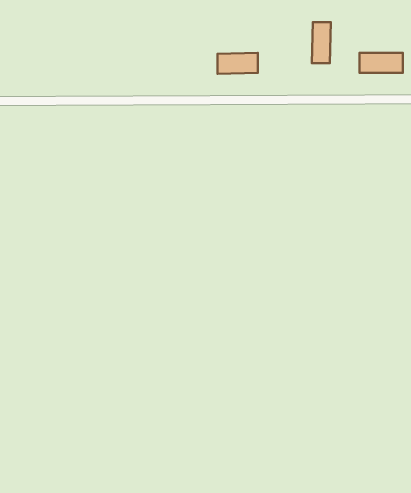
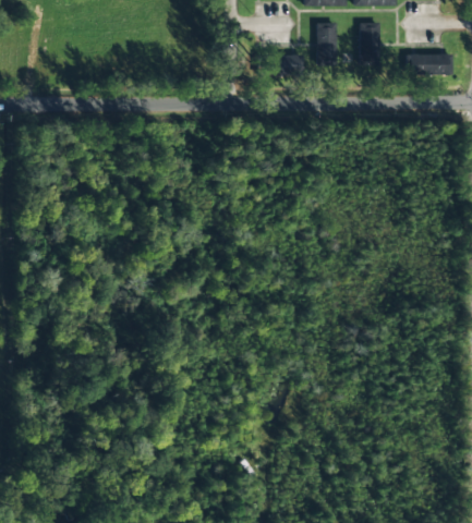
building: none -> [315,23,336,65]

